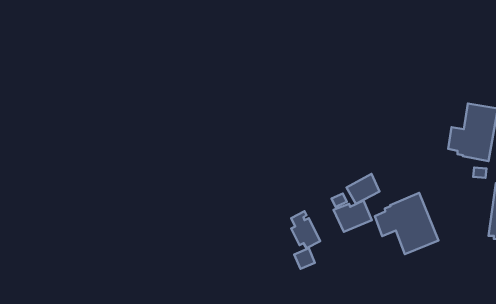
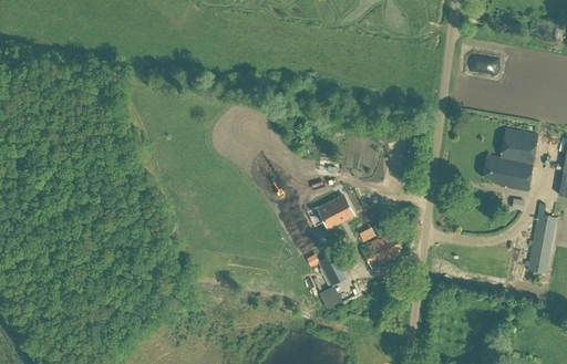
building: [347,174,380,204] -> [319,195,354,227]
building: [375,193,439,254] -> none

